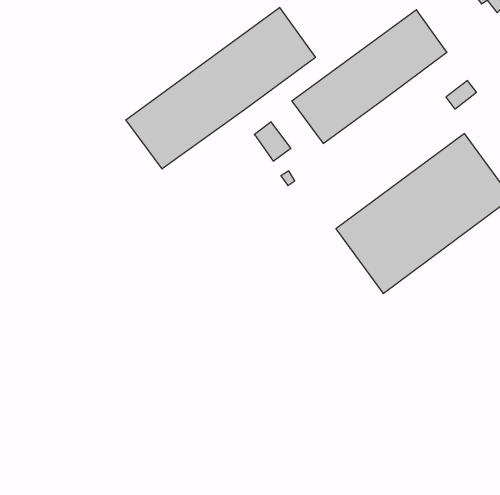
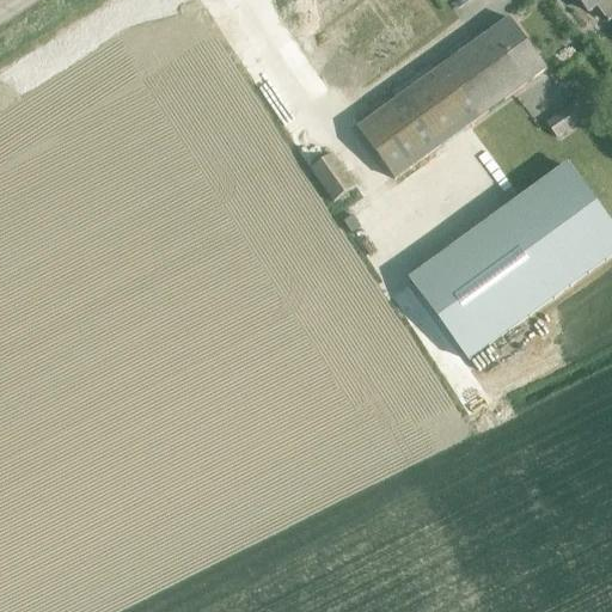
building: [126,7,315,169] -> none

